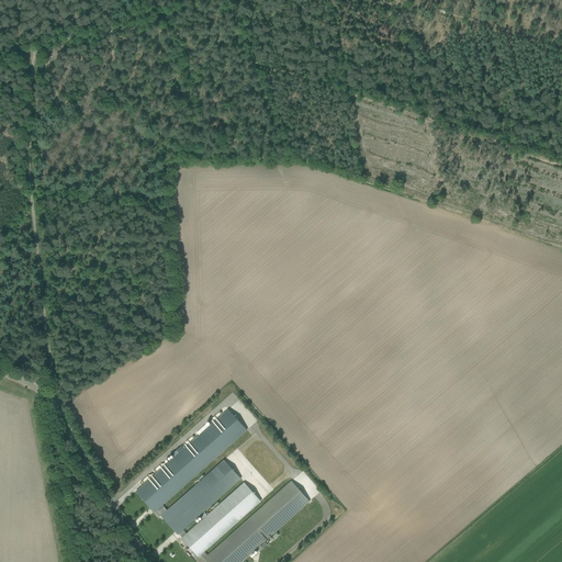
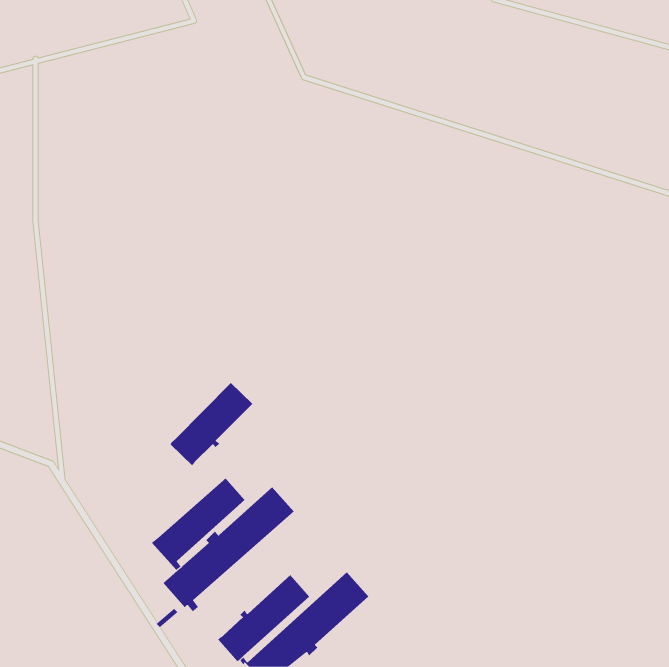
building: none -> [170,382,253,466]
building: [161,459,240,537] -> [151,478,246,570]

